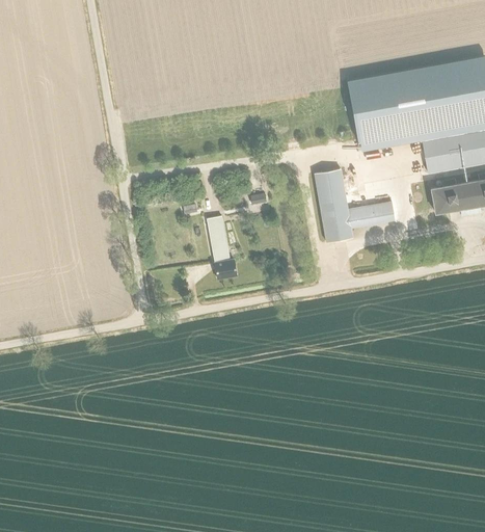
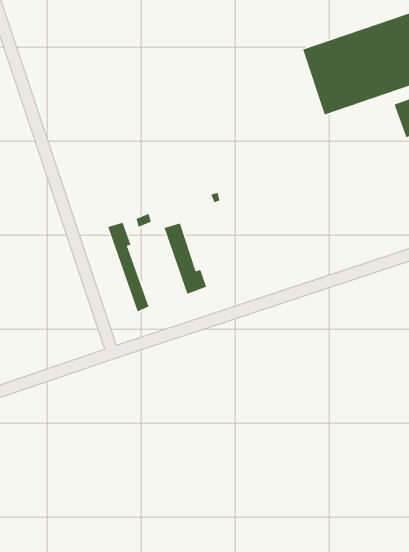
building: [314,168,394,242] -> none
building: none -> [107,222,150,312]

